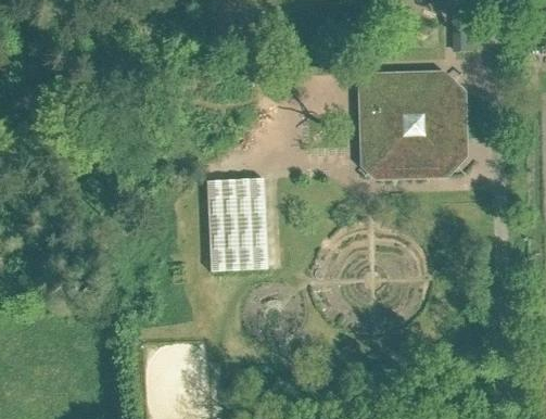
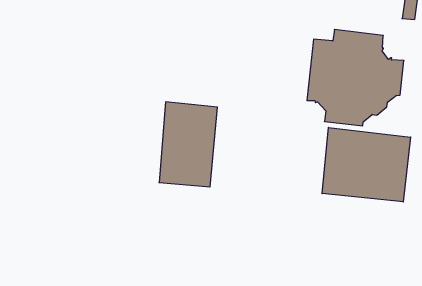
building: none -> [322,127,411,202]

